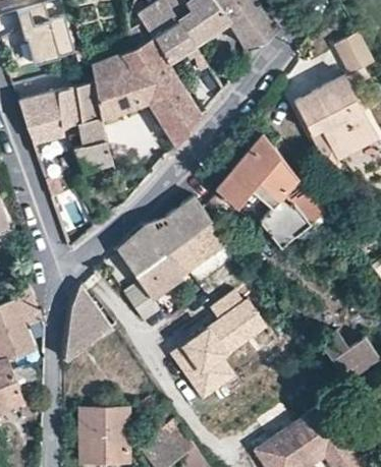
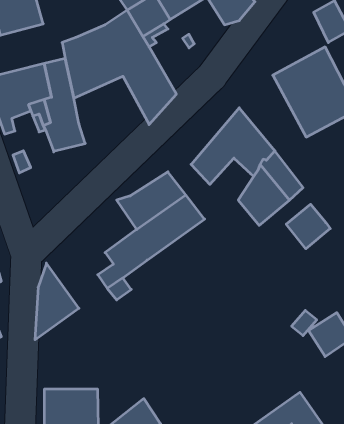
building: [116,222,164,273] -> none
building: none -> [286,204,330,249]
building: [169,292,269,406] -> none

